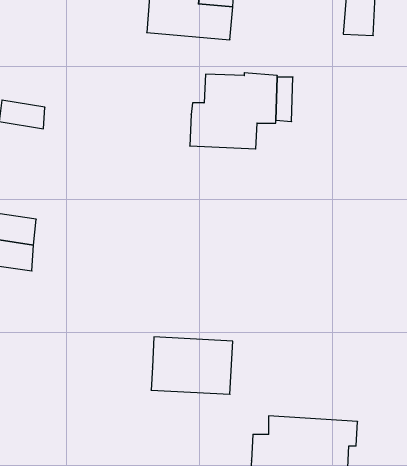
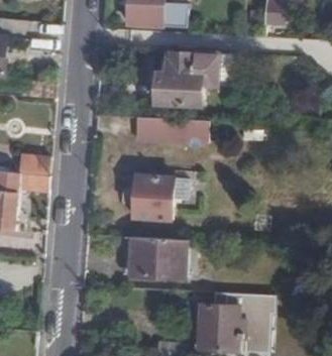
building: none -> [135,119,208,145]
building: none -> [124,177,188,223]

